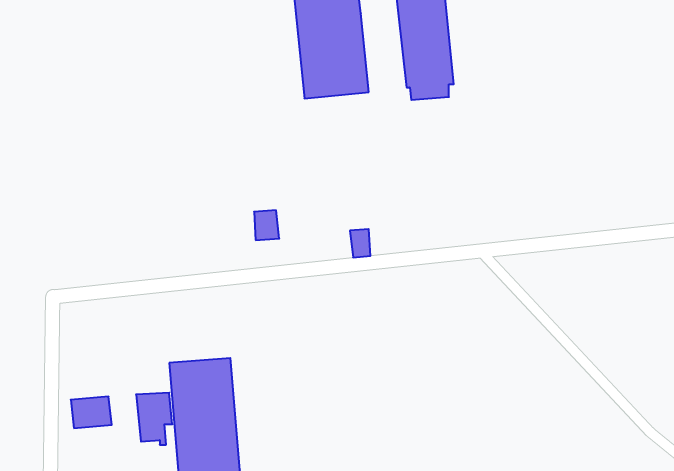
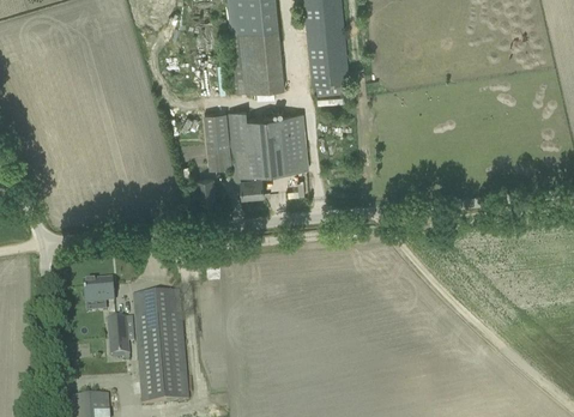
building: none -> [204,109,308,197]
building: [71,397,112,428] -> [83,278,114,302]

